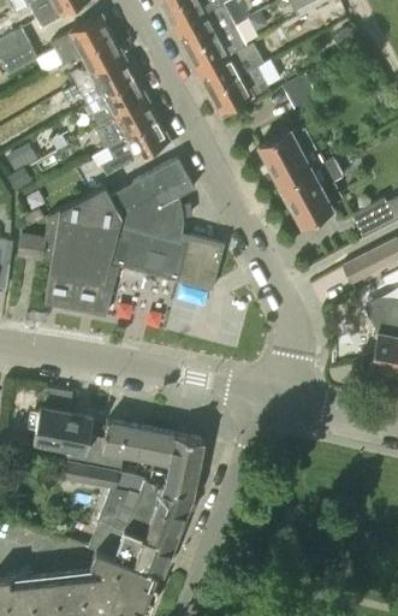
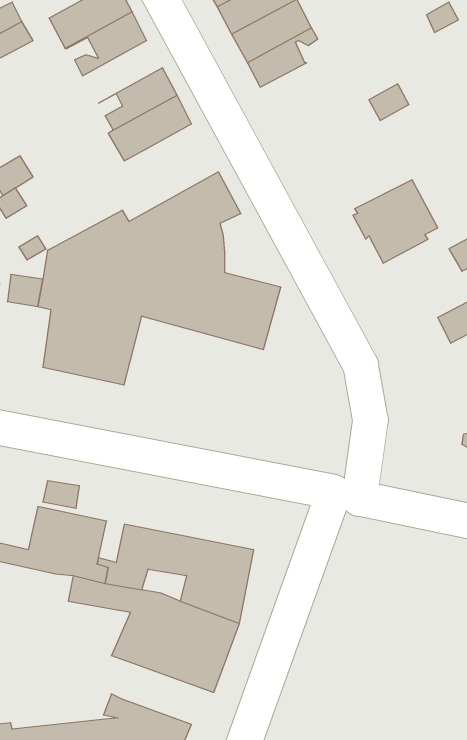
building: [64,57,136,103] -> none
building: [209,69,269,114] -> none
building: [102,119,170,176] -> none
building: [259,124,323,183] -> none
building: [105,525,174,573] -> none

